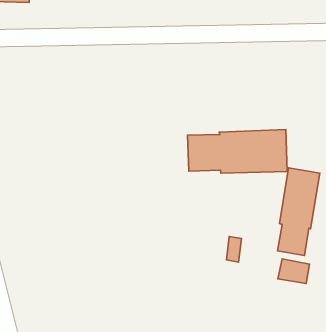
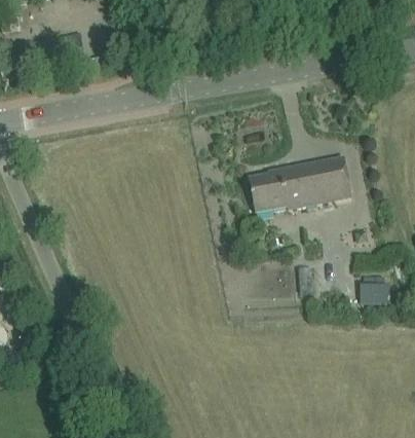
building: [278,168,320,255] -> none

